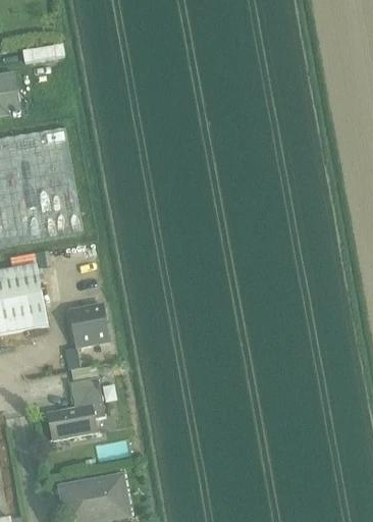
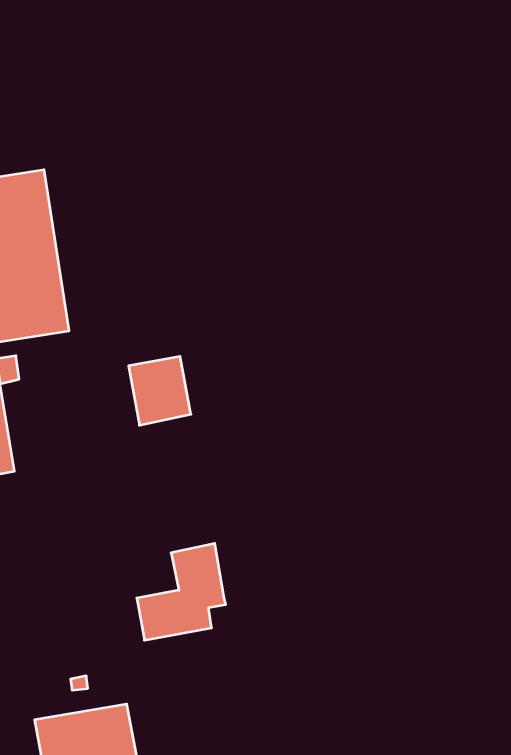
building: [68,304,109,349] -> [129,356,191,425]
building: [47,376,105,439] -> [137,543,226,640]

